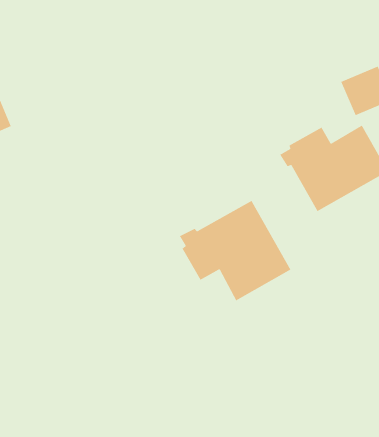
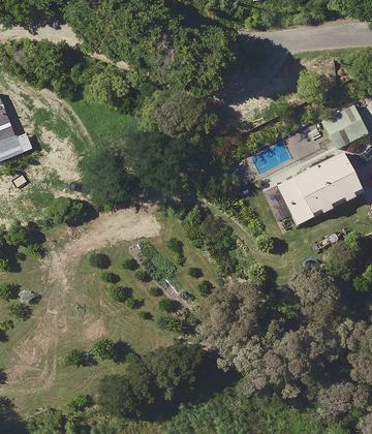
building: [179,200,291,301] -> none

